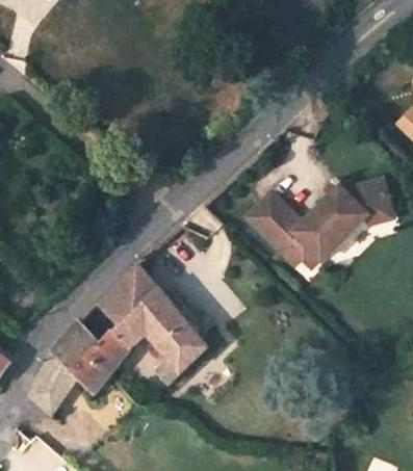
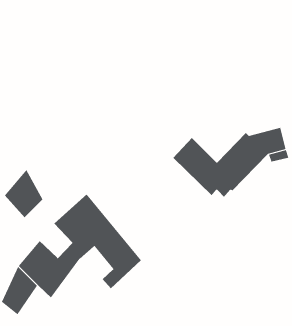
building: none -> [4,169,43,218]

